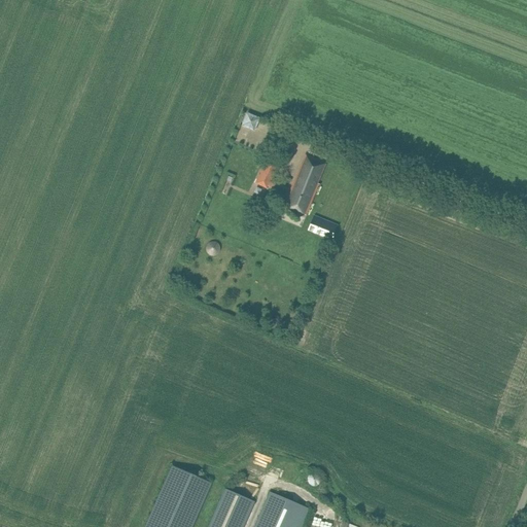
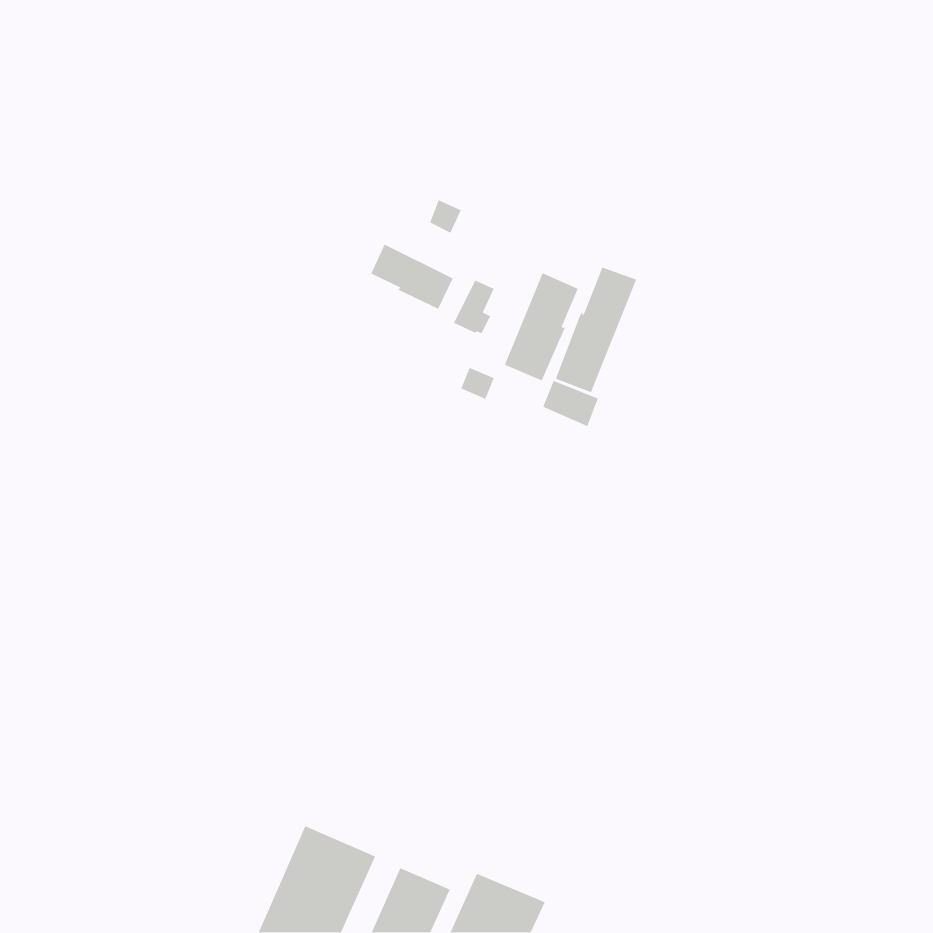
building: none -> [370,243,454,310]
building: none -> [555,267,637,393]

